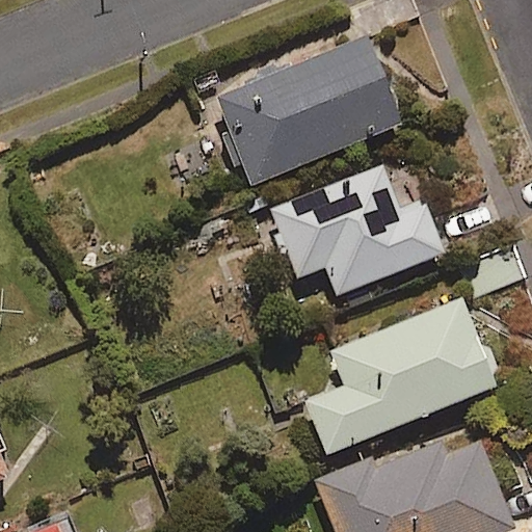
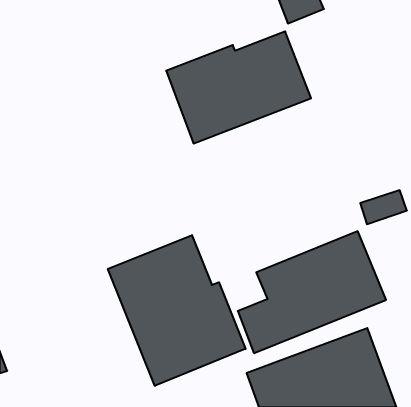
building: [264,165,445,295] -> none
building: none -> [108,235,246,386]

